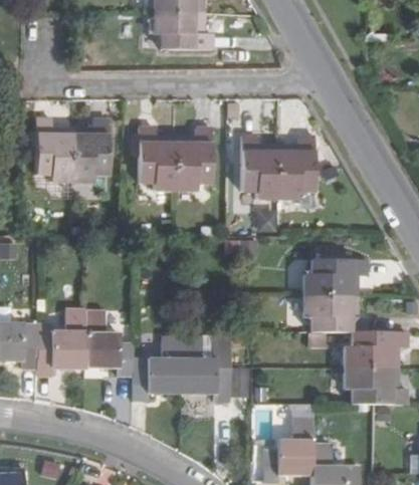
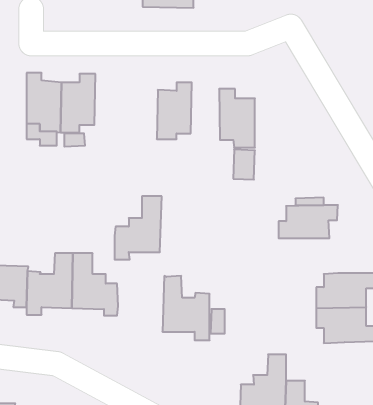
building: [138,128,175,189] -> none
building: [278,137,313,198] -> none
building: [303,294,367,332] -> none
building: [132,334,182,402] -> [115,196,162,260]

